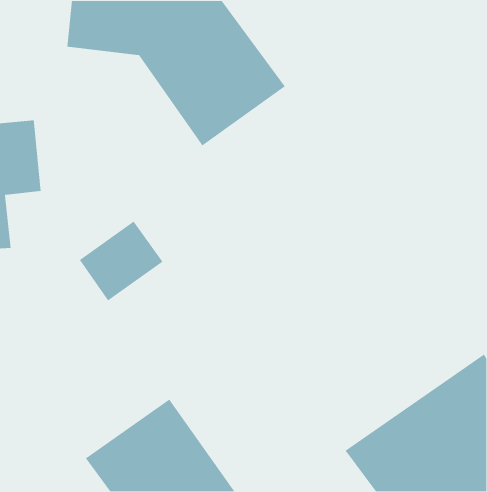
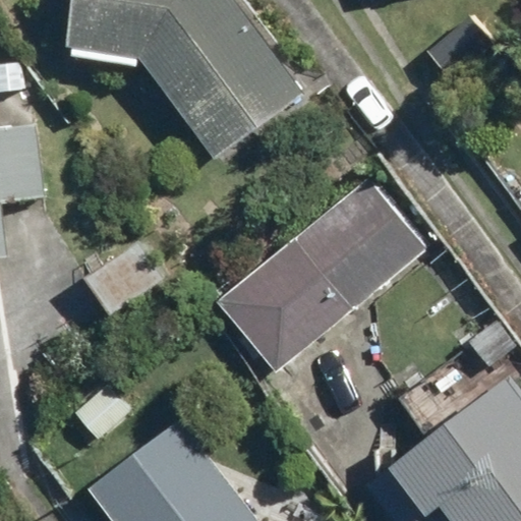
building: none -> [222,186,419,369]

